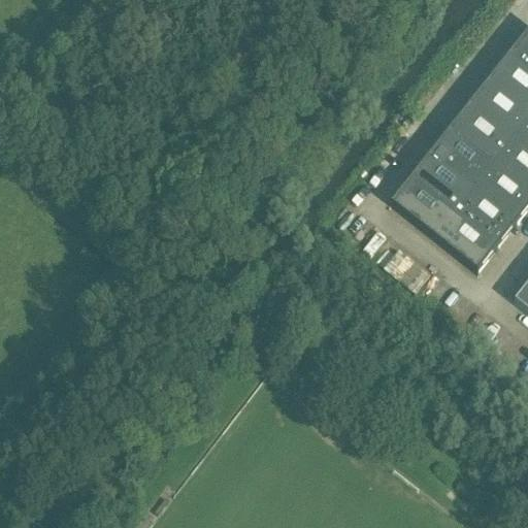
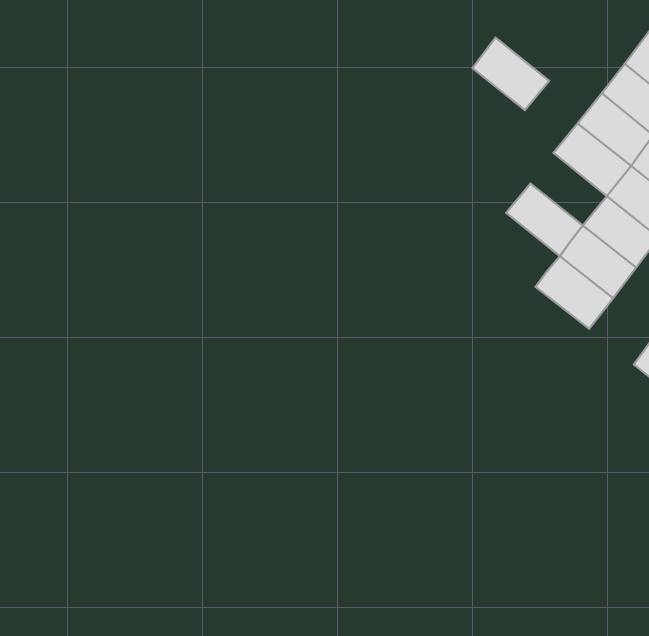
building: [431,124,493,183] -> [473,38,549,110]
building: [392,172,455,232] -> none

